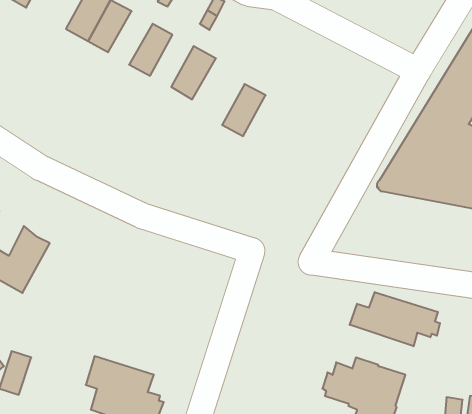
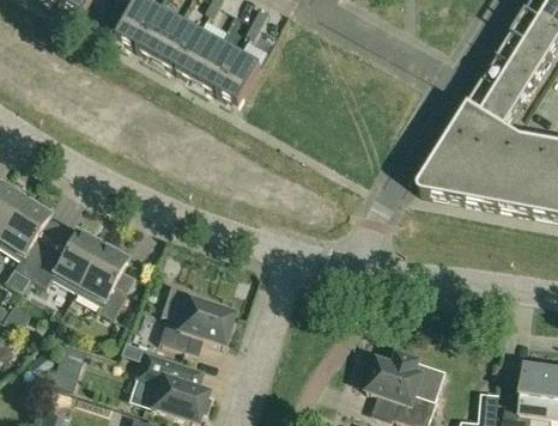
building: none -> [157,17,200,68]
building: [222,84,266,136] -> [198,39,239,90]
building: none -> [74,241,128,315]
building: none -> [158,280,233,347]
building: [350,292,440,346] -> none

